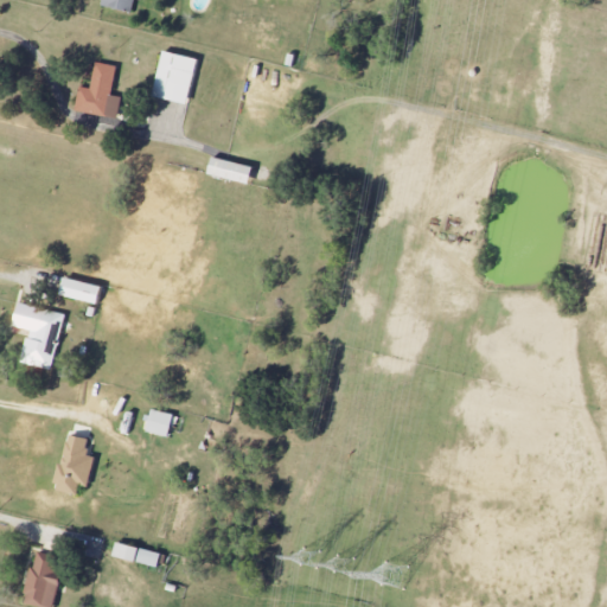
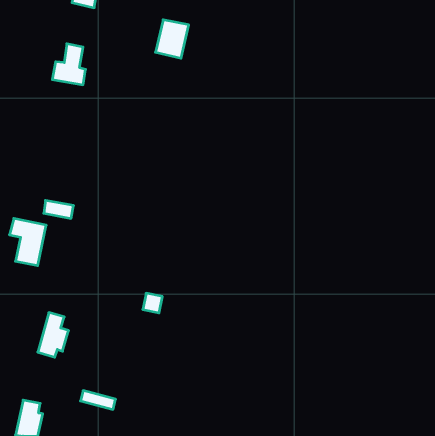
building: [151,50,197,103] -> [155,20,189,58]
building: [207,158,253,181] -> none
building: [145,408,172,435] -> [143,293,162,313]

